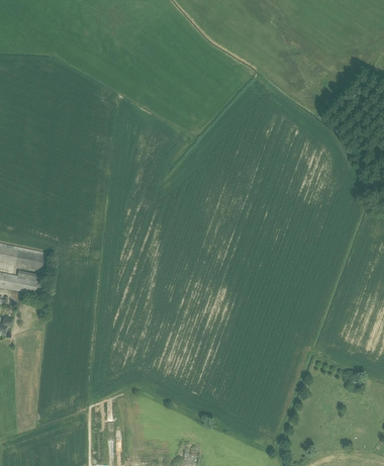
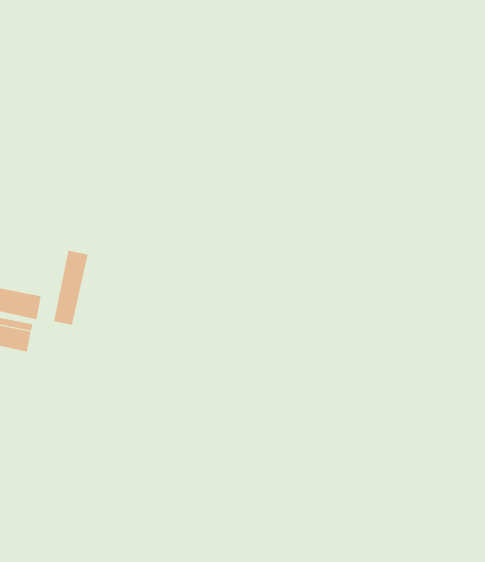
building: none -> [54,250,88,326]

